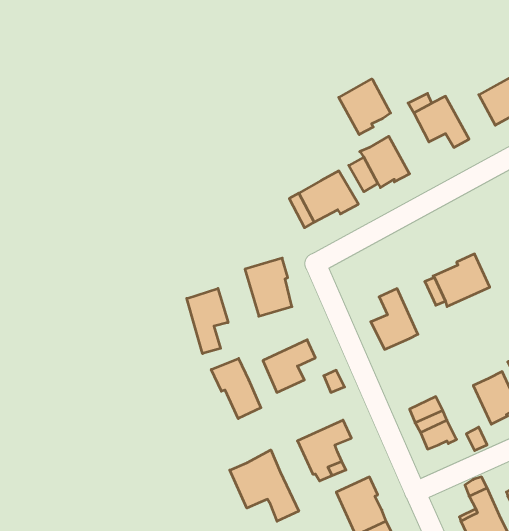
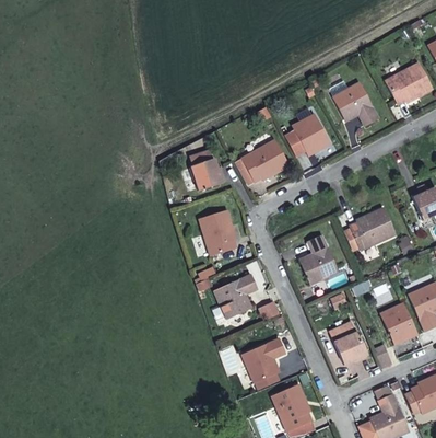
building: [339,79,391,135] -> none
building: none -> [193,160,227,191]
building: [187,288,228,354] -> none
building: [211,358,261,419] -> none
building: [230,450,299,521] -> none

